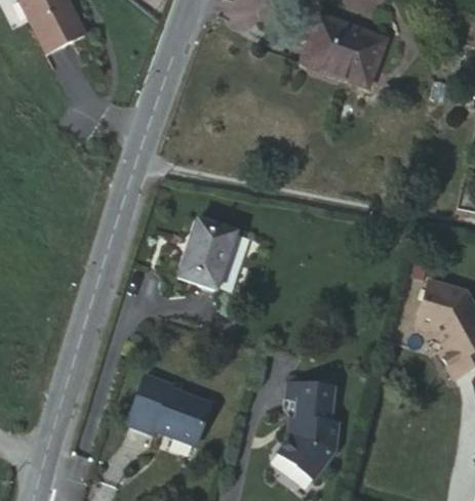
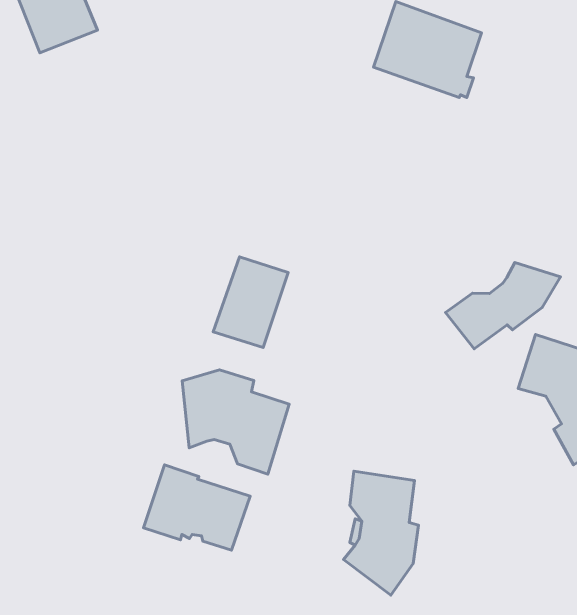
building: none -> [445,262,561,349]
building: none -> [182,370,289,474]

